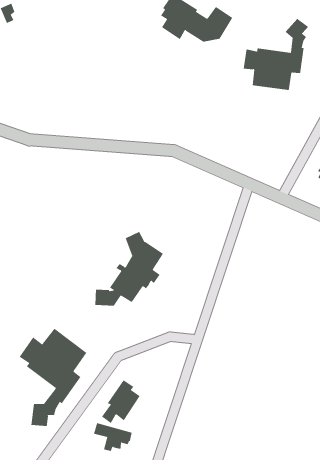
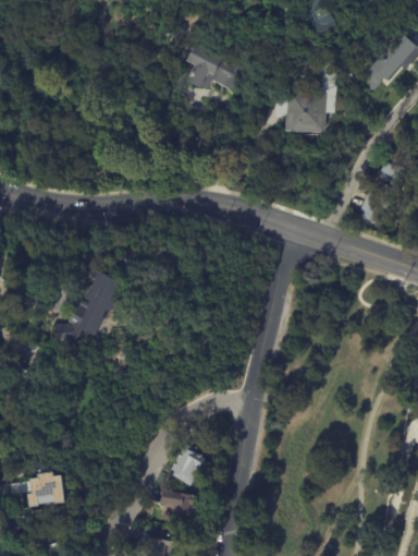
building: [95,231,164,306] -> [52,262,119,342]
building: [19,328,87,427] -> none

